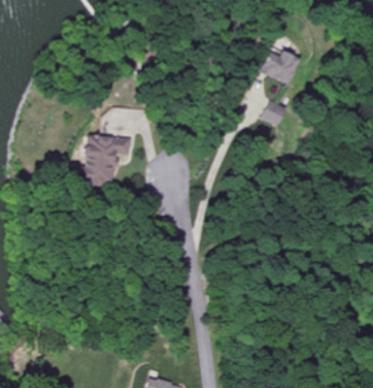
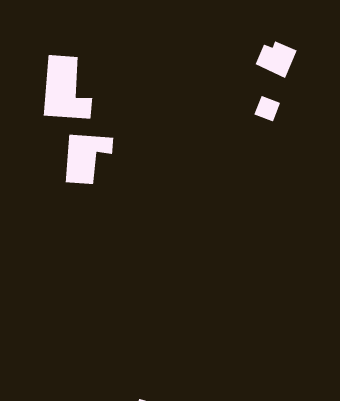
building: none -> [43,54,93,120]

